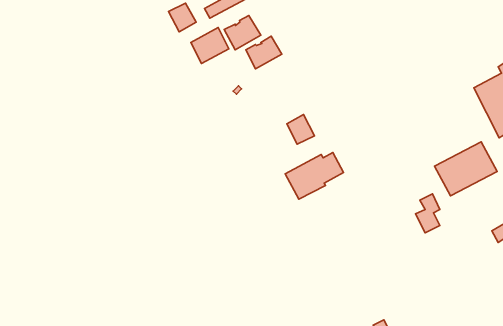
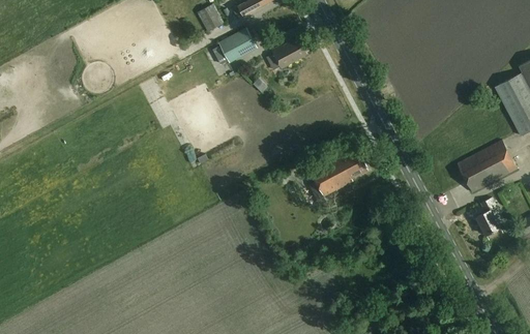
building: [224,15,261,50] -> none
building: [287,115,315,144] -> none
building: [416,194,440,233] -> [476,196,500,235]

